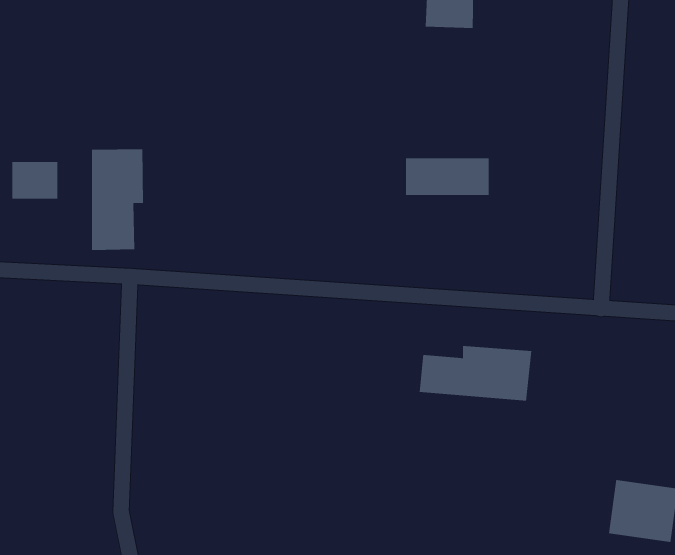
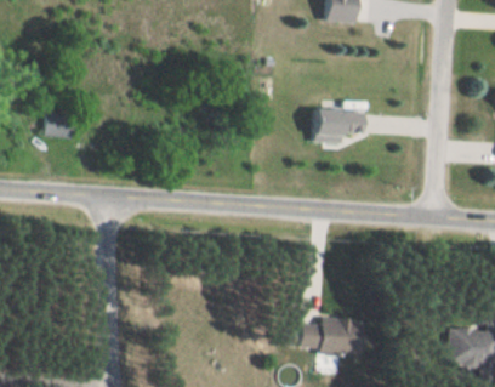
building: [92,149,144,251] -> none
building: [419,345,532,401] -> [289,317,365,354]

